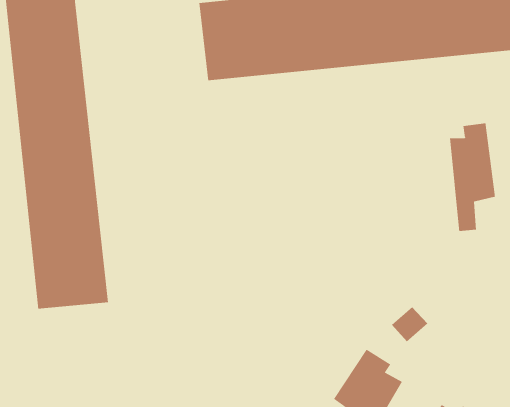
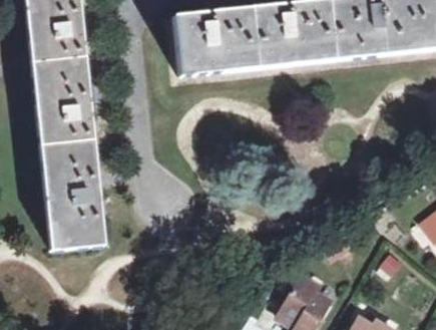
building: [449,122,495,232] -> none

